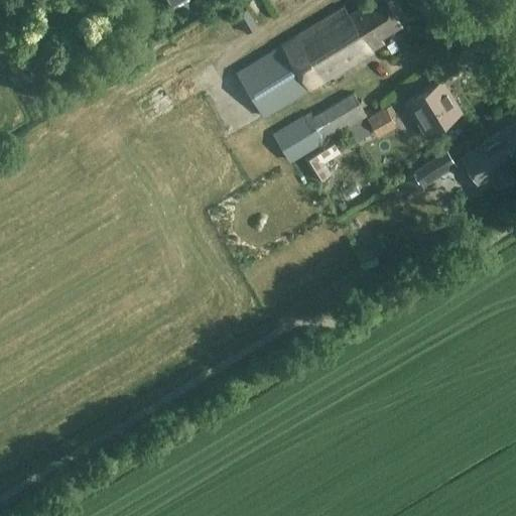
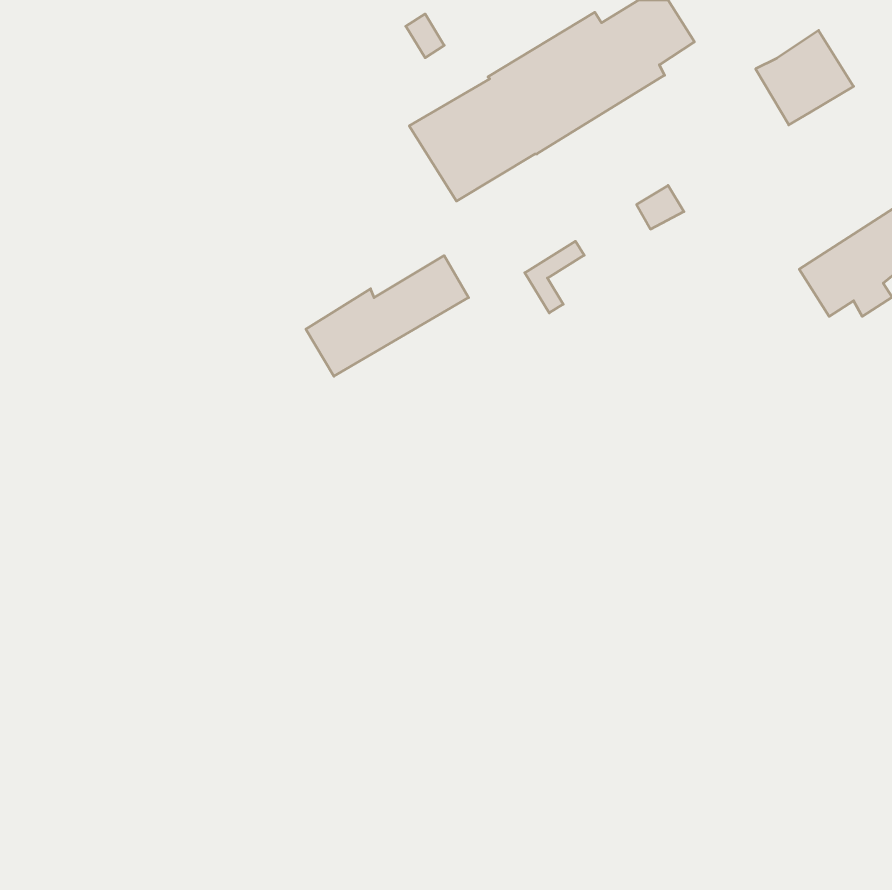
building: [405,82,462,136] -> [756,30,854,125]
building: [273,94,367,163] -> [306,256,469,376]
building: [412,150,455,186] -> none

